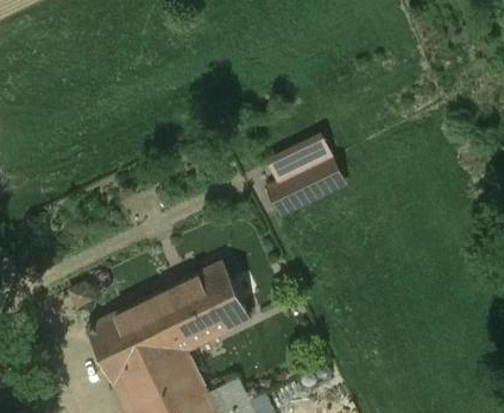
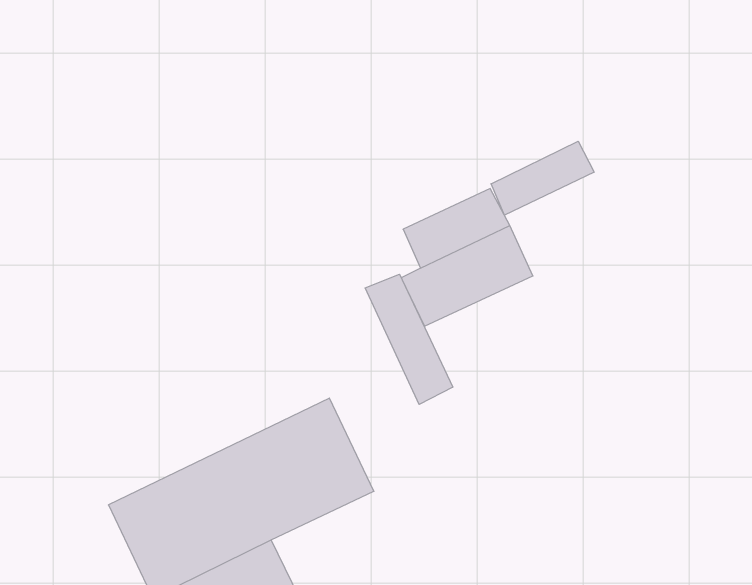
building: none -> [491,141,594,215]
building: none -> [365,274,453,404]

